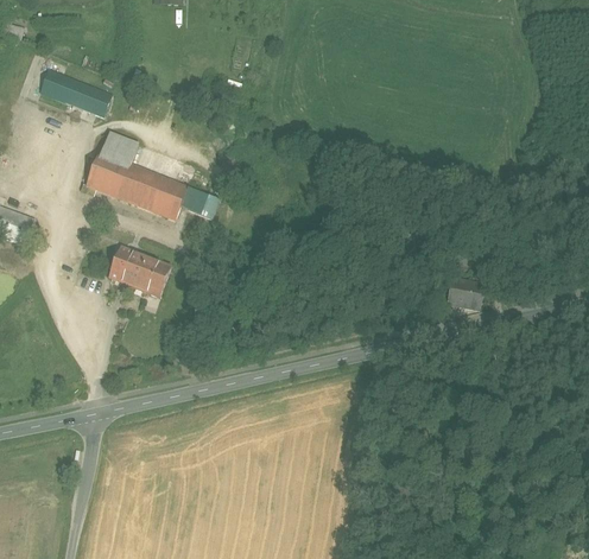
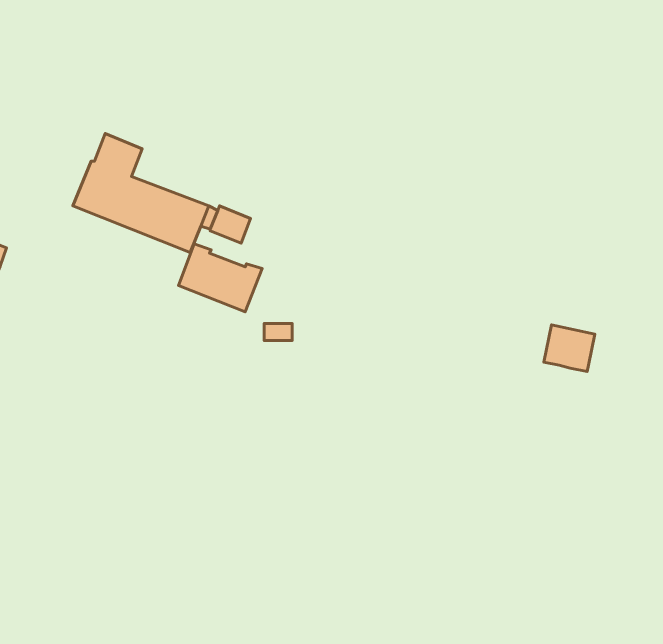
building: [40,66,113,115] -> none
building: [107,246,171,298] -> [179,244,262,312]

